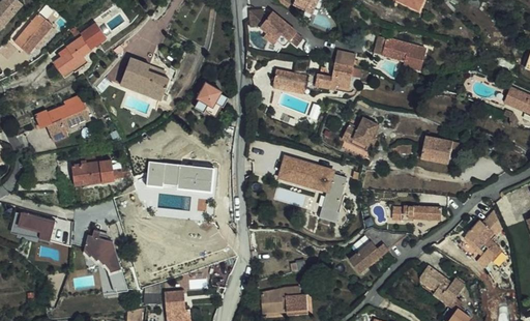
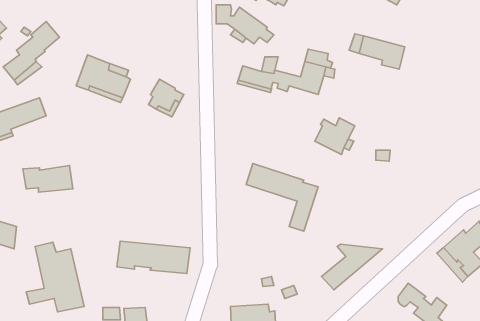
building: [422,137,452,164] -> none
building: [146,162,214,192] -> [117,241,190,273]
building: [390,206,440,222] -> none

